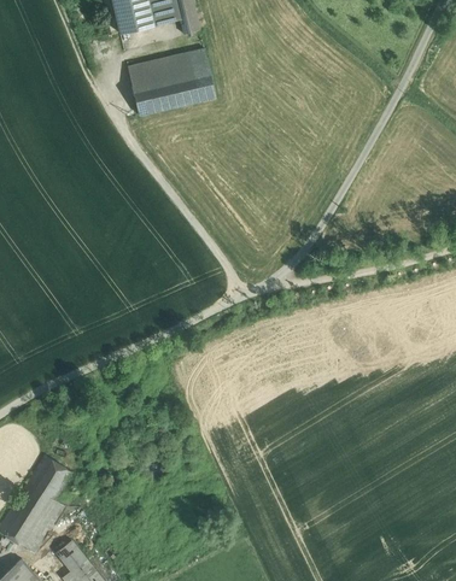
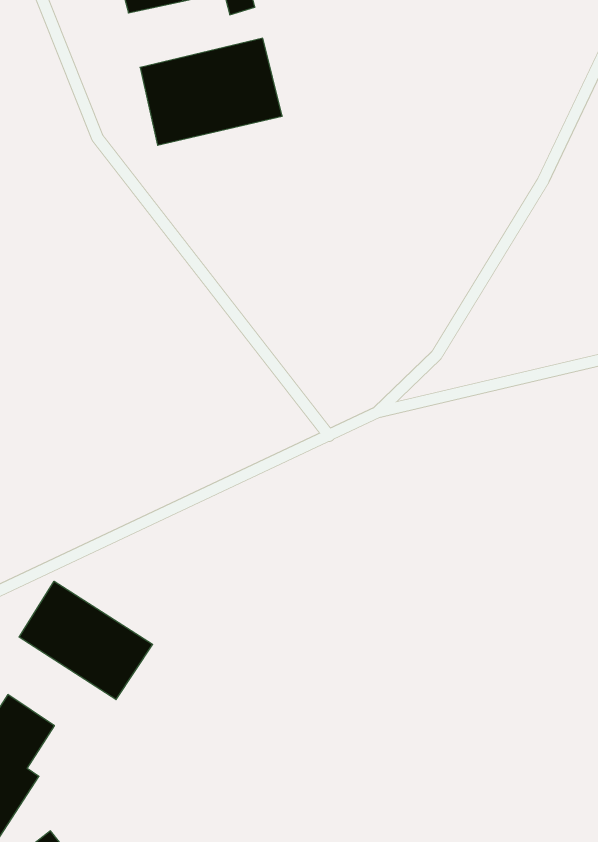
building: none -> [19,581,153,700]

